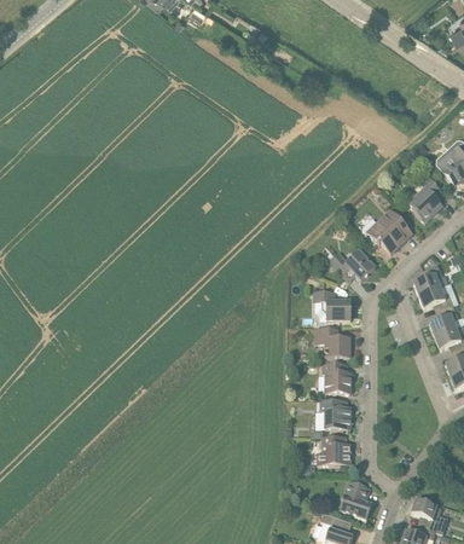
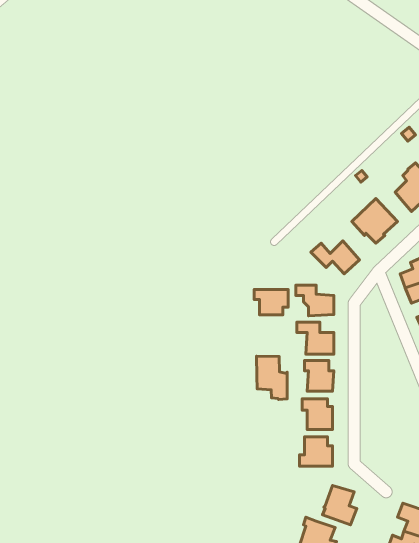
building: none -> [254,290,288,315]
building: none -> [257,356,287,400]

